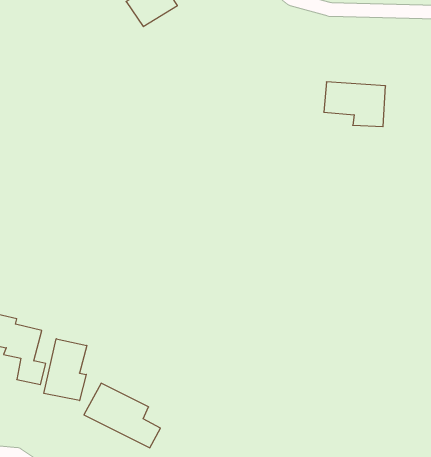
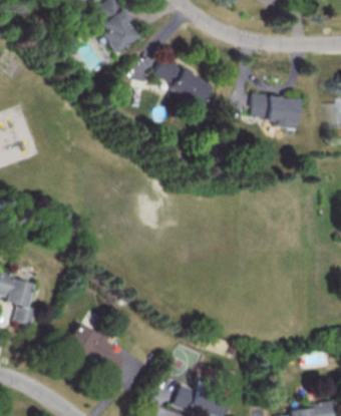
building: none -> [151,58,209,106]
building: [44,339,87,401] -> none

